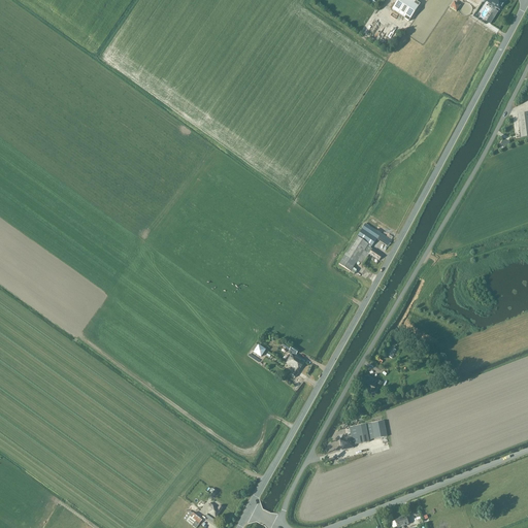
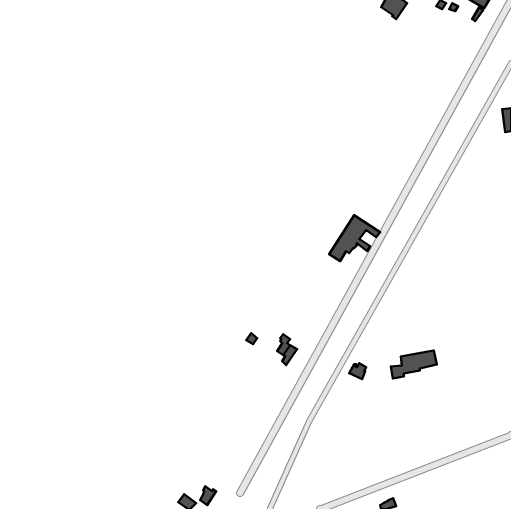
building: [339,420,387,449] -> [391,351,437,379]

